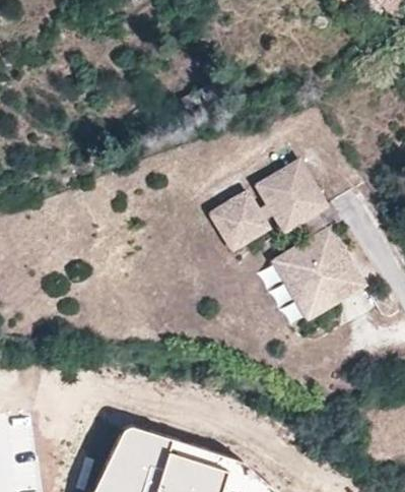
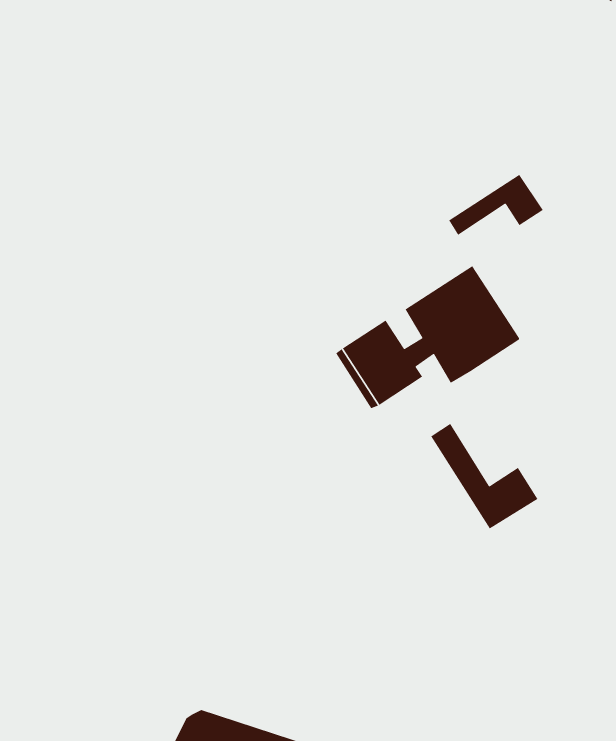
building: none -> [448,174,544,236]
building: [282,227,363,301] -> none

